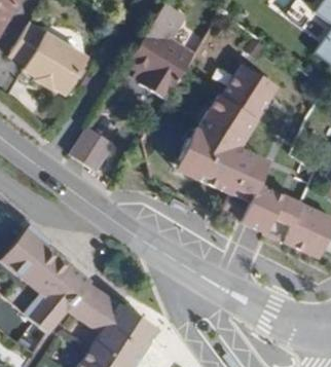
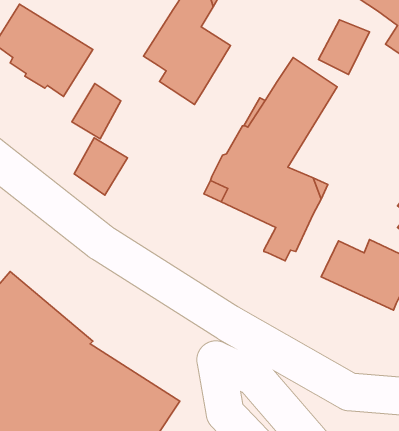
building: none -> [319,20,370,74]
building: none -> [72,84,121,139]
building: [237,184,302,232] -> none

